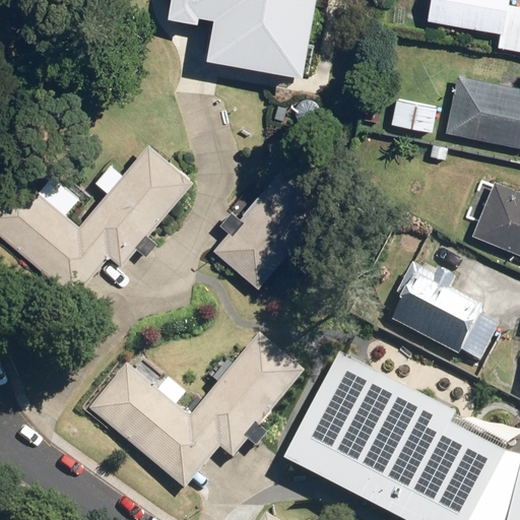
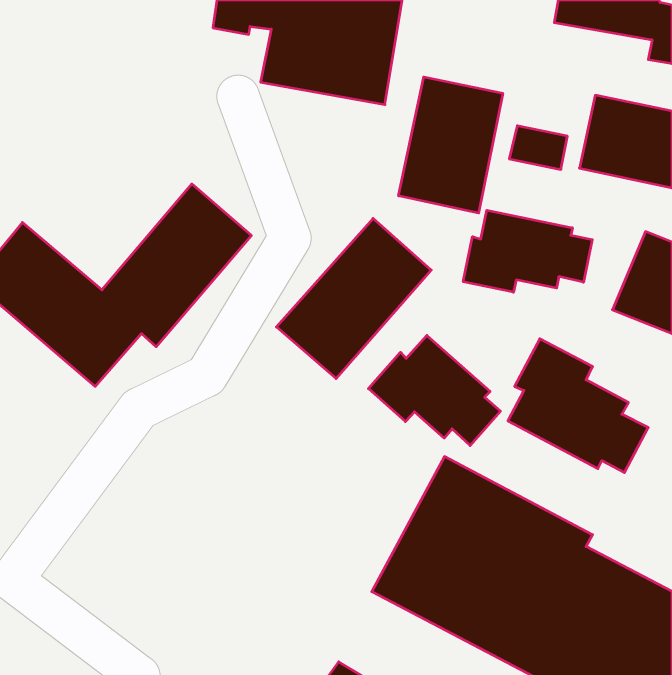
building: none -> [399,77,503,213]
building: none -> [463,210,592,292]
building: none -> [368,335,500,446]
building: [95,329,310,484] -> none

